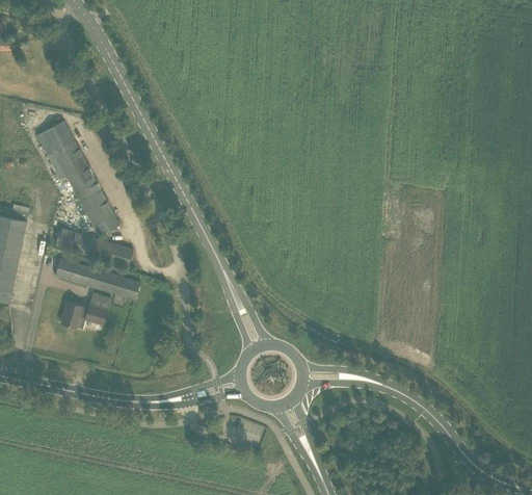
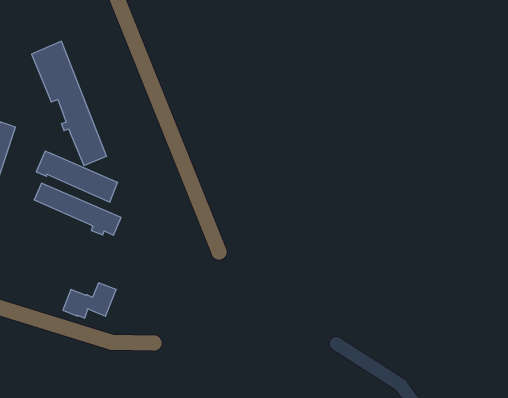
building: [61,292,110,328] -> [63,283,116,318]

